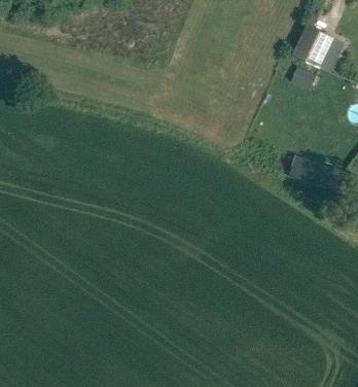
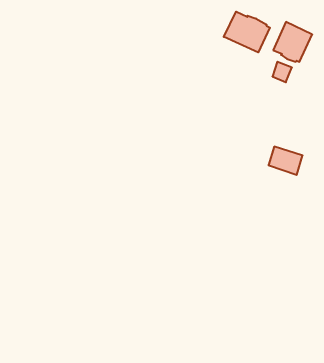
building: none -> [224,12,270,52]

